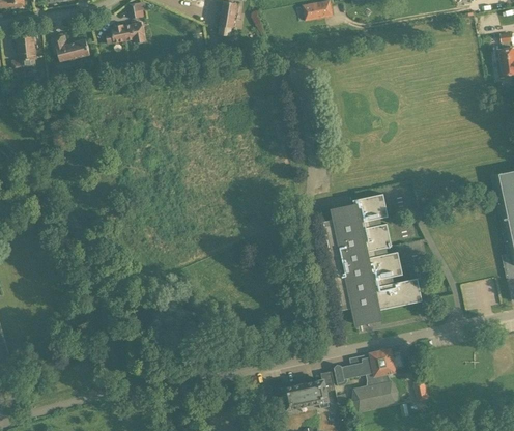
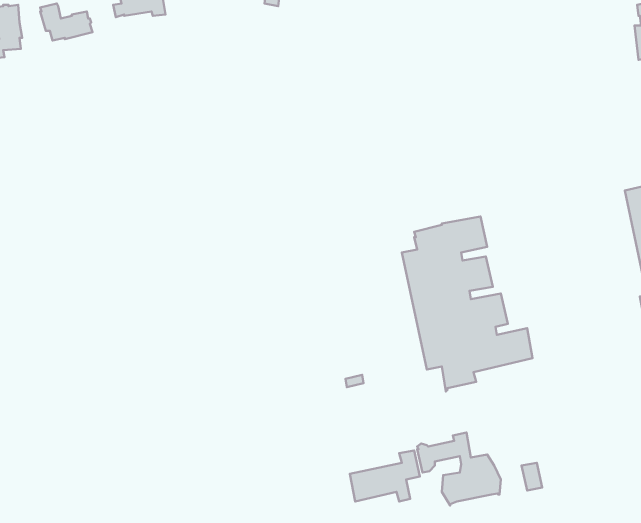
building: [371,349,403,375] -> none

